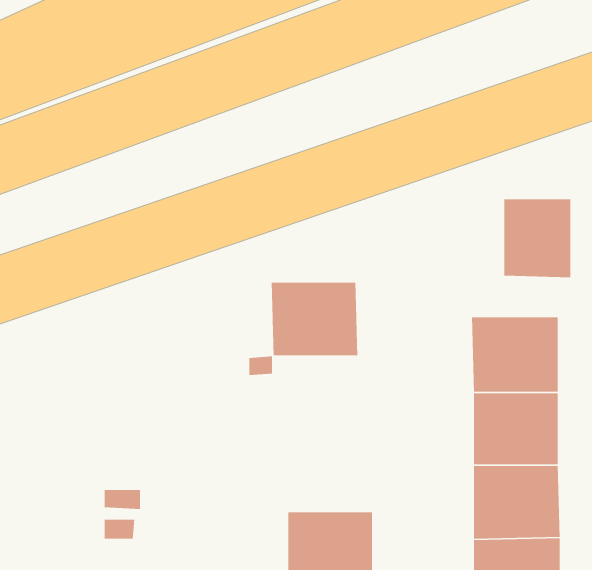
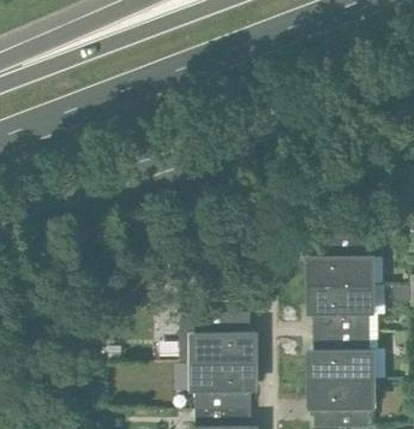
building: [503,198,571,278] -> none
building: [271,282,358,356] -> [192,314,248,362]

